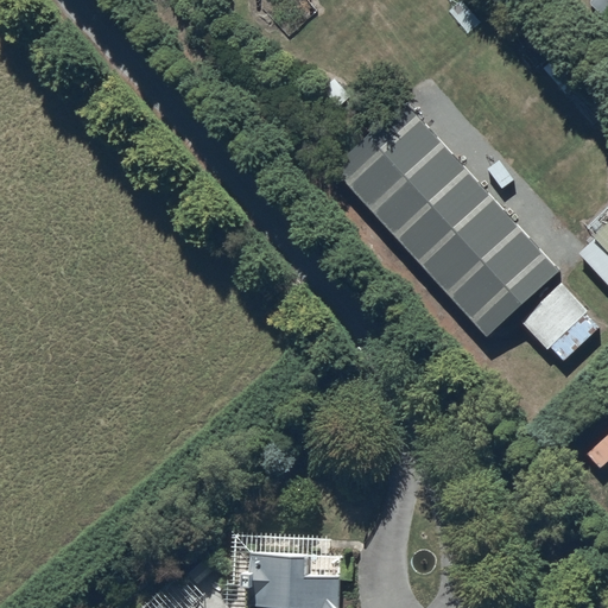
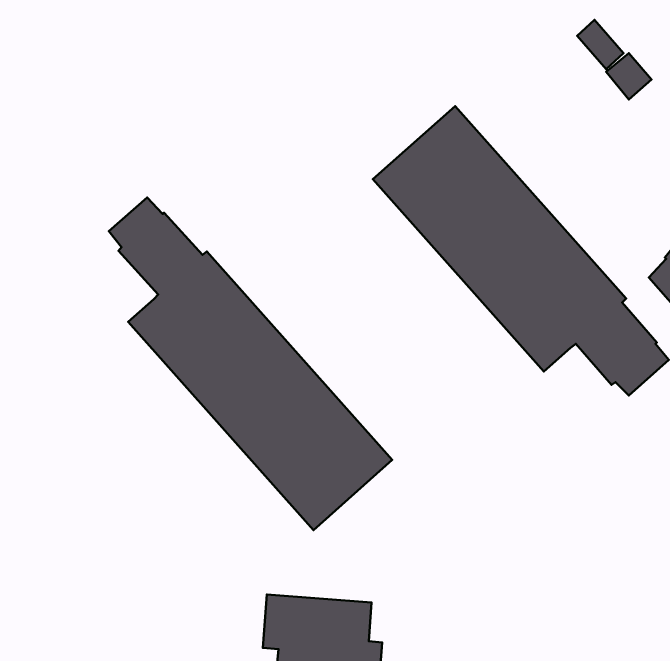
building: none -> [109,197,392,530]

